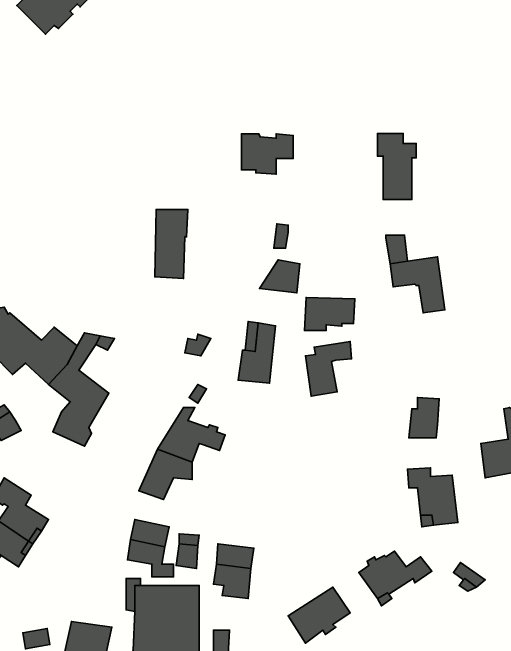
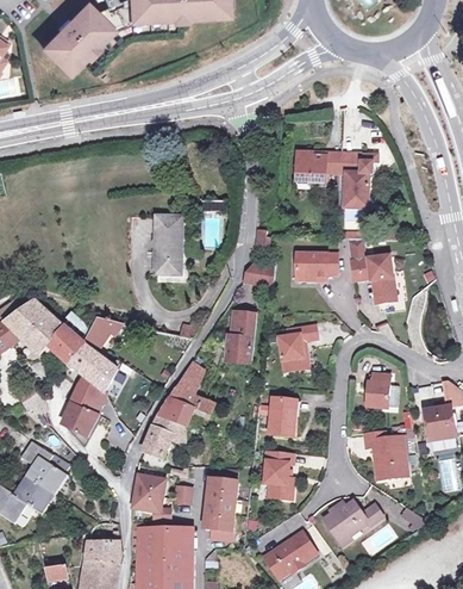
building: [242,134,293,174] -> [296,153,339,186]
building: [305,298,355,331] -> [295,249,337,277]
building: none -> [269,399,299,438]
building: none -> [62,402,96,446]
building: none -> [264,452,293,500]
building: none -> [207,469,238,498]
building: none -> [86,541,120,564]

